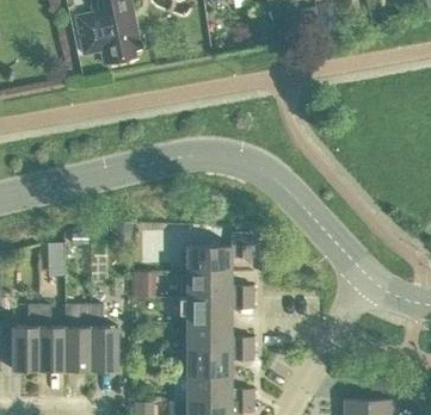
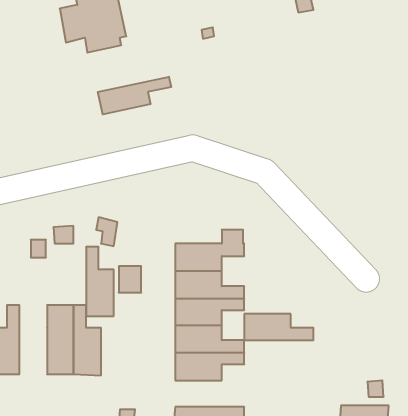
building: none -> [98,77,171,114]
building: [39,304,66,370] -> [86,247,114,316]
building: [187,376,253,401] -> [244,314,313,340]

